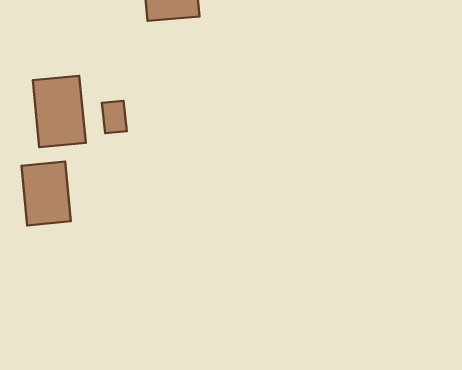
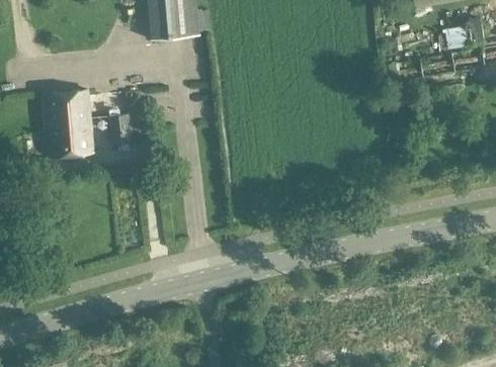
building: [22,161,71,226] -> none

